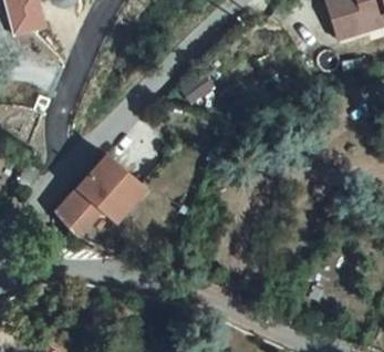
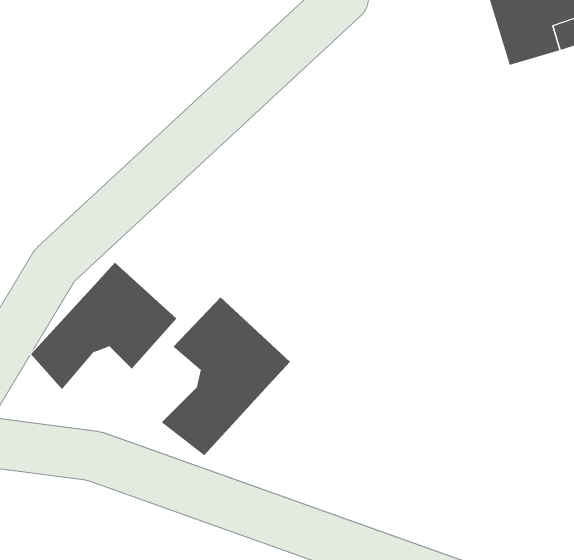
building: none -> [161,296,291,456]

